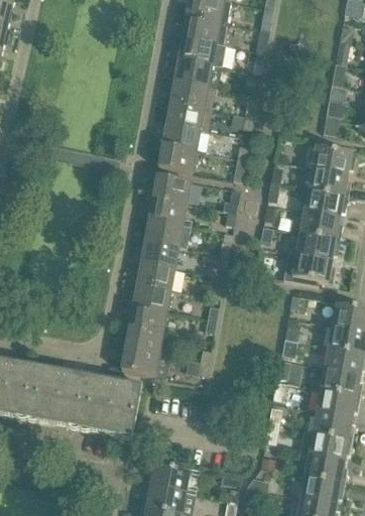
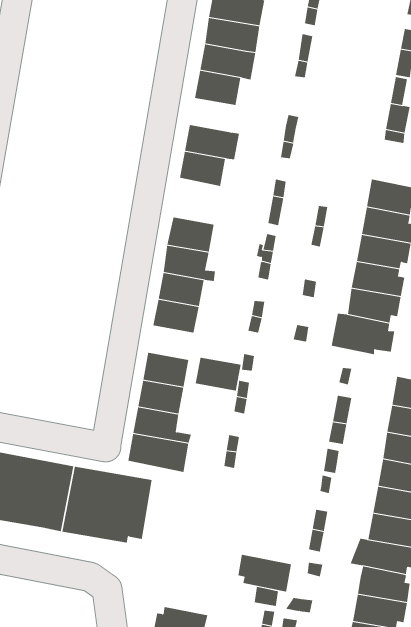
building: [170,79,215,107] -> none
building: [158,142,196,171] -> none
building: [137,260,174,287] -> [195,357,241,391]
building: [146,461,190,491] -> [237,554,292,592]

